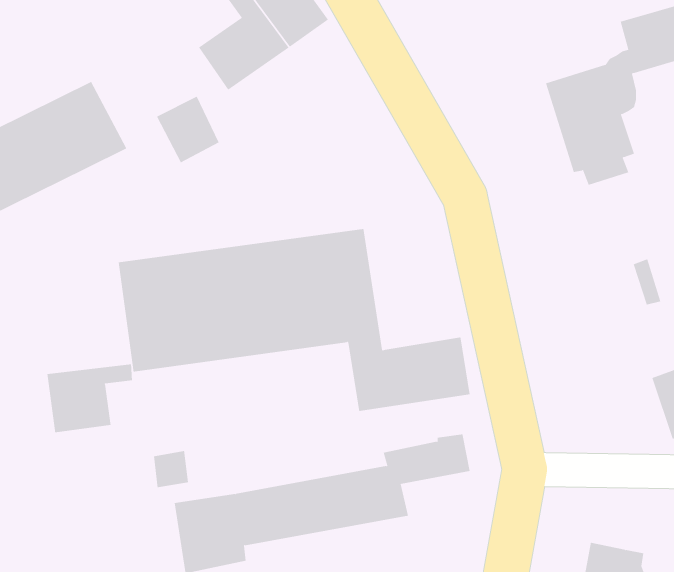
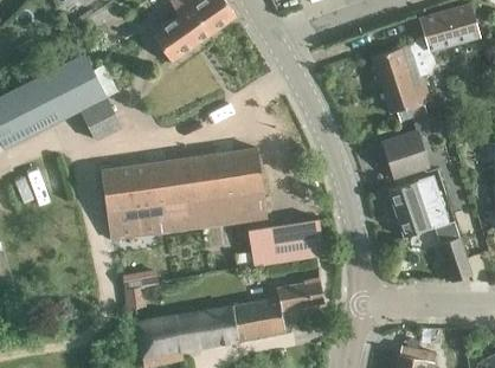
building: [156,96,220,163] -> [81,97,121,140]
building: none -> [382,114,444,176]
building: none -> [387,177,446,238]
building: [47,364,133,433] -> none

